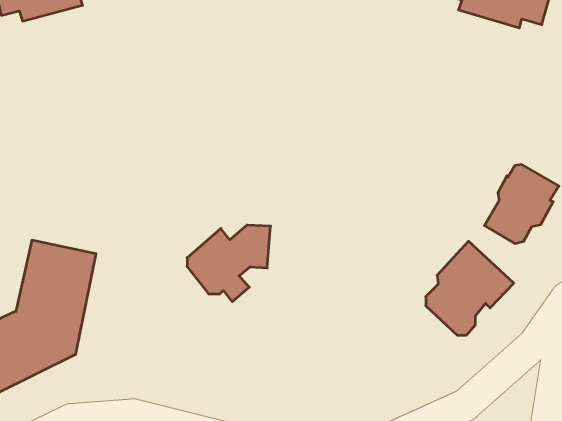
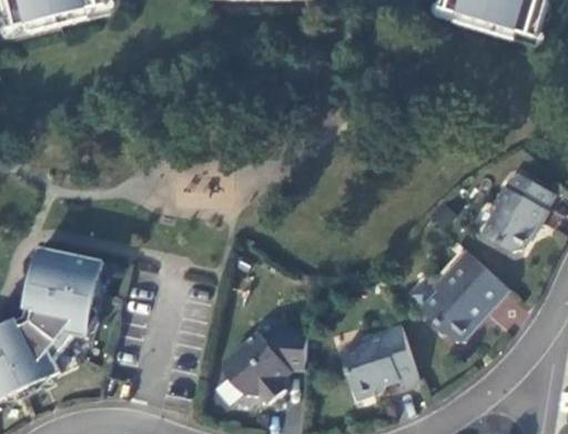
building: [187,225,271,302] -> [225,329,307,404]
building: none -> [341,324,419,400]

